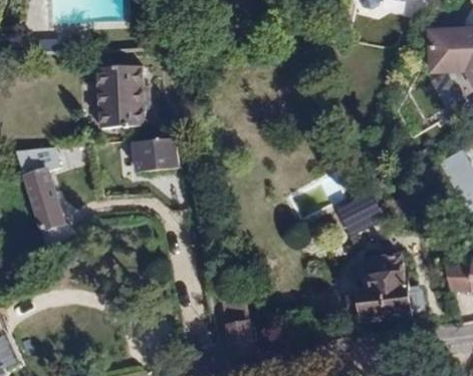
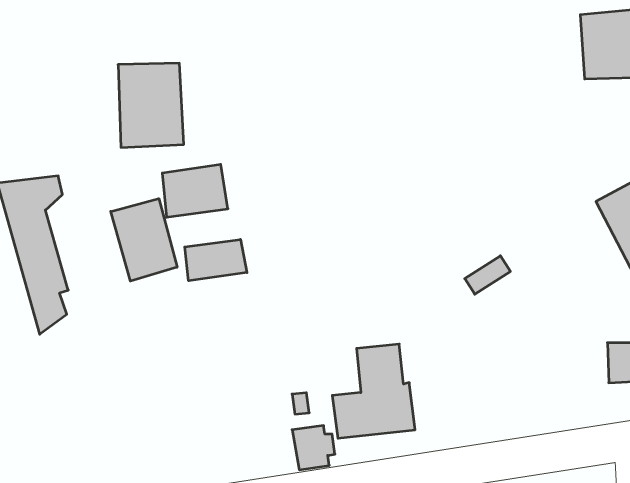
building: none -> [111,199,177,281]
building: none -> [185,239,247,281]
building: [353,256,412,322] -> [332,344,415,438]

